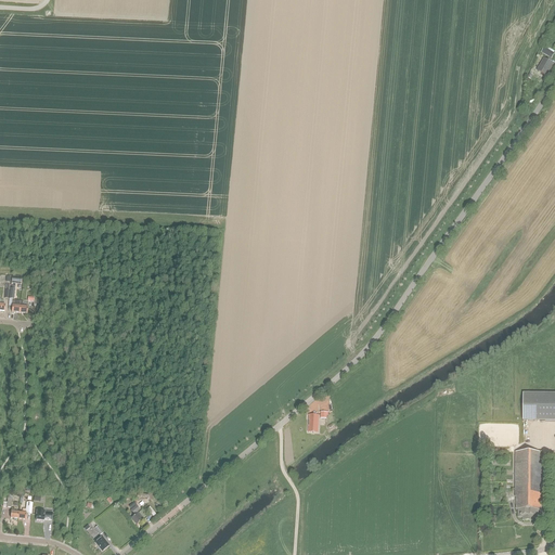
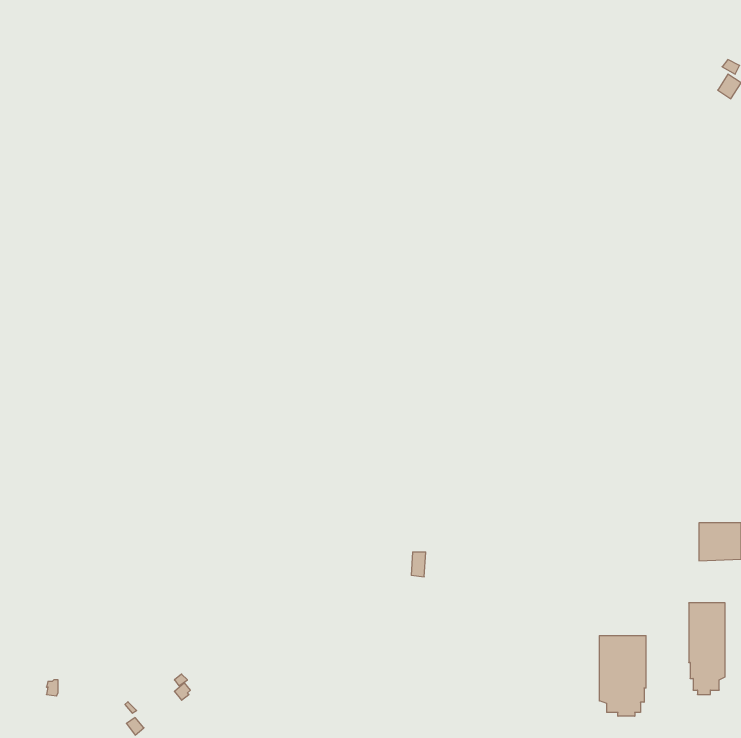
building: none -> [599,636,646,716]

